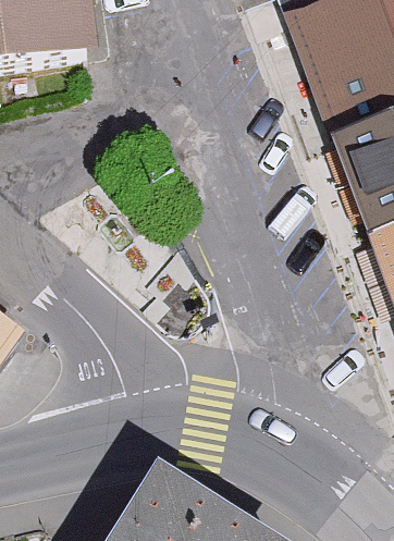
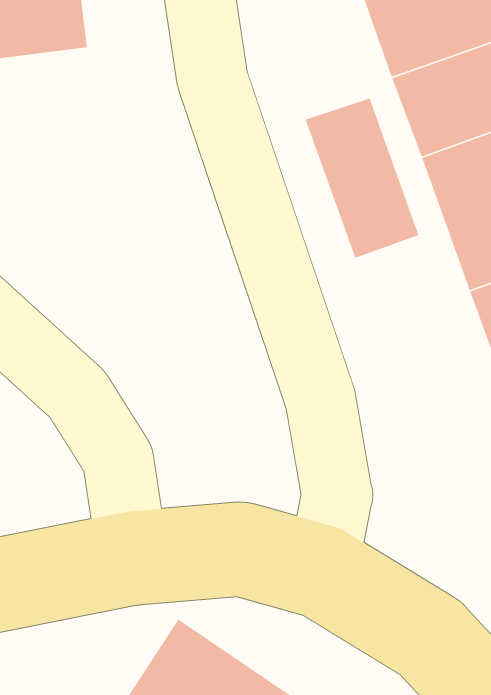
building: none -> [304,97,420,259]

